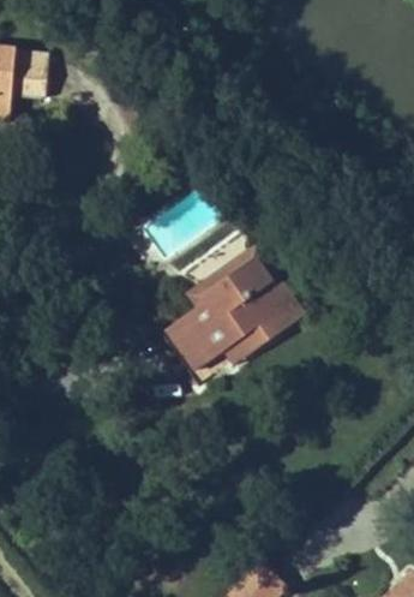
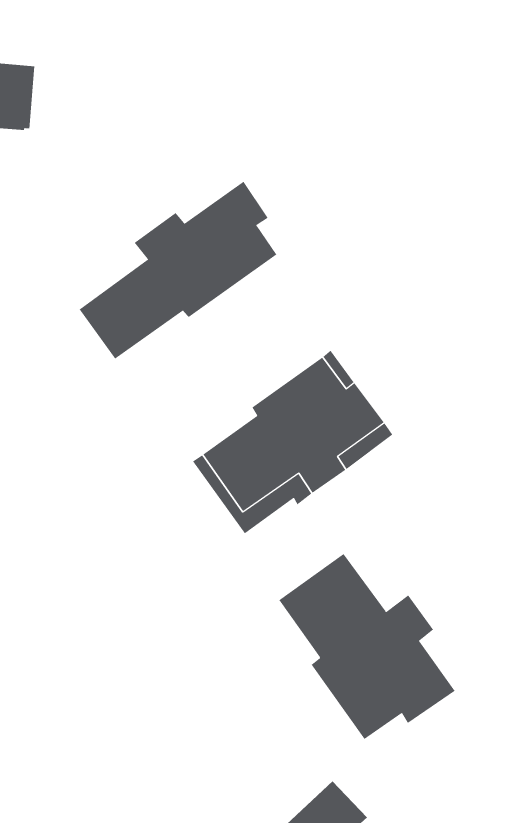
building: none -> [79,181,277,359]
building: none -> [279,553,456,740]

